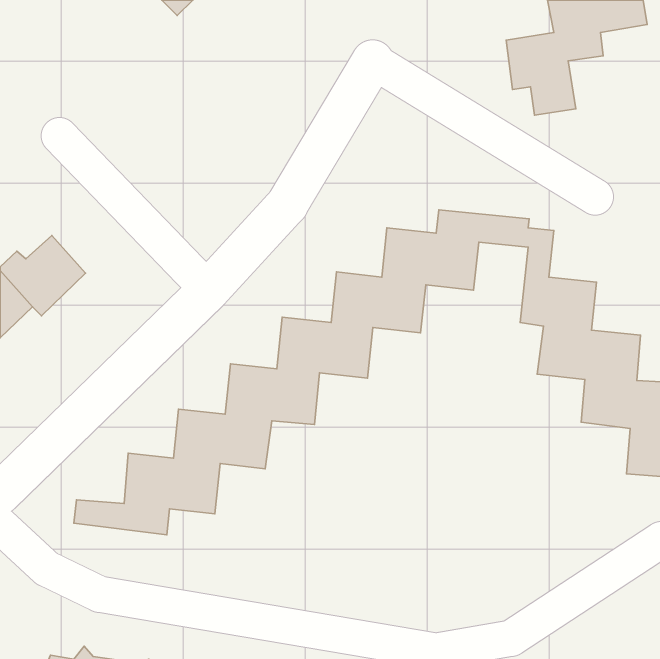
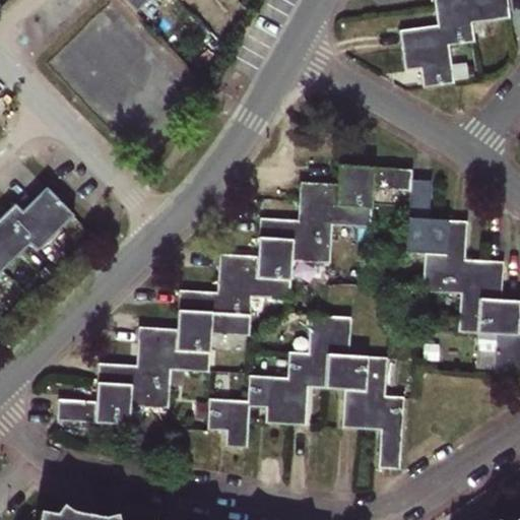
building: none -> [208,314,406,470]

